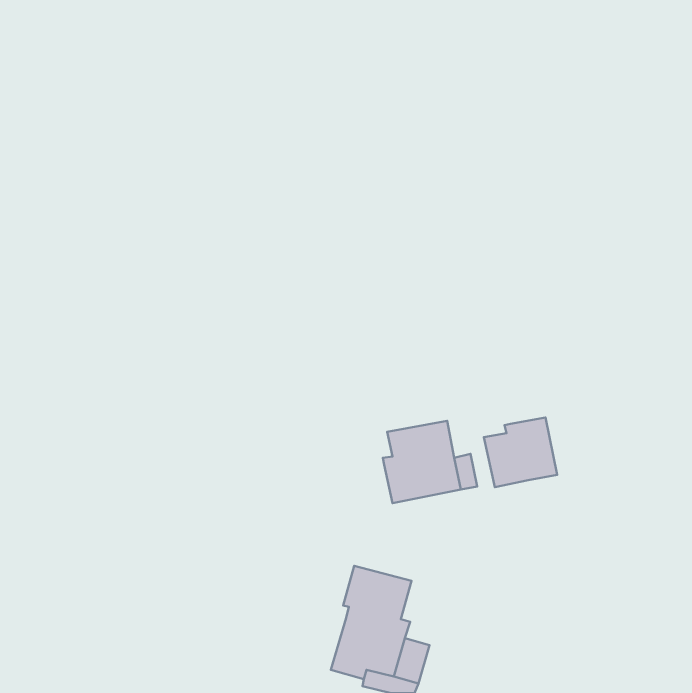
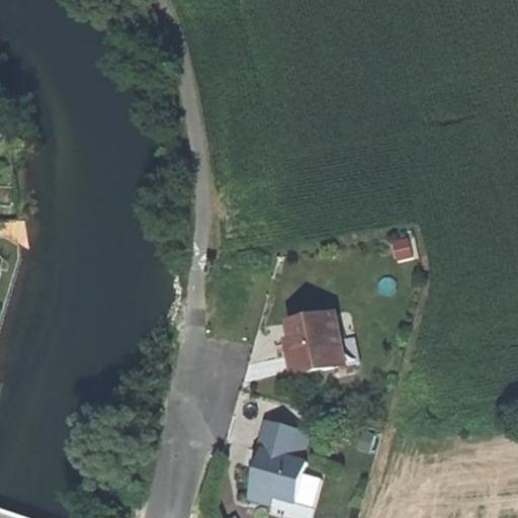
building: [484,417,557,487] -> none

